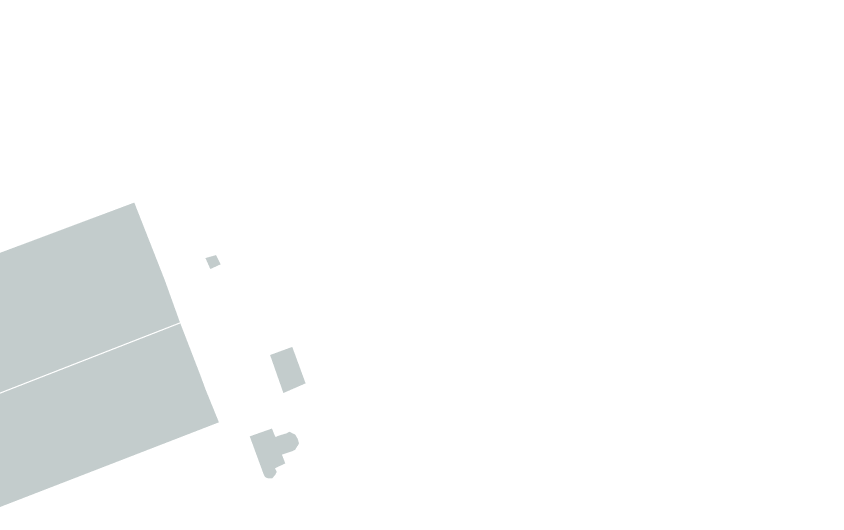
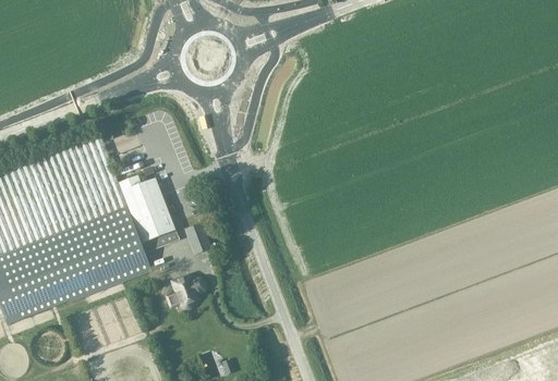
building: none -> [118,173,178,250]

